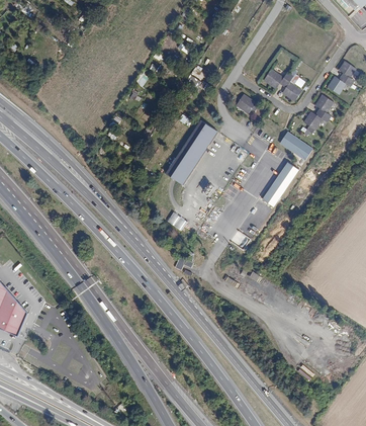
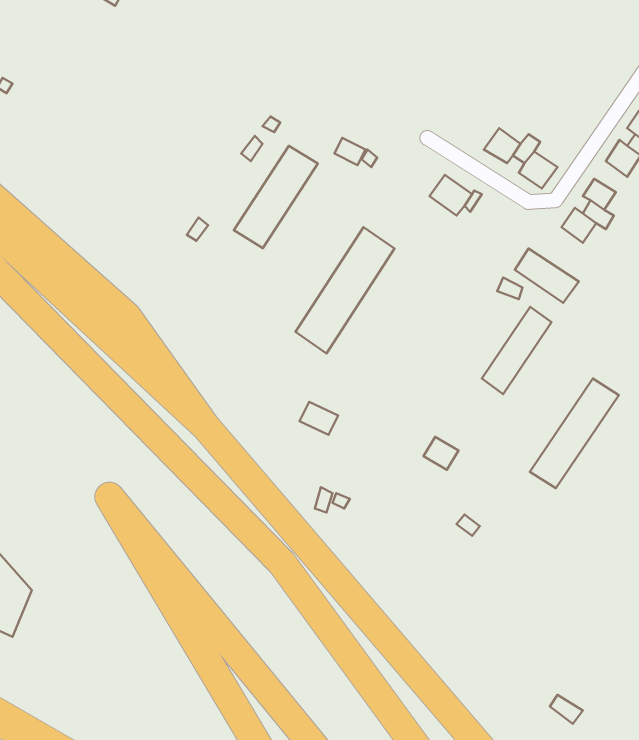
building: none -> [234,146,318,248]
building: none -> [530,379,619,488]

